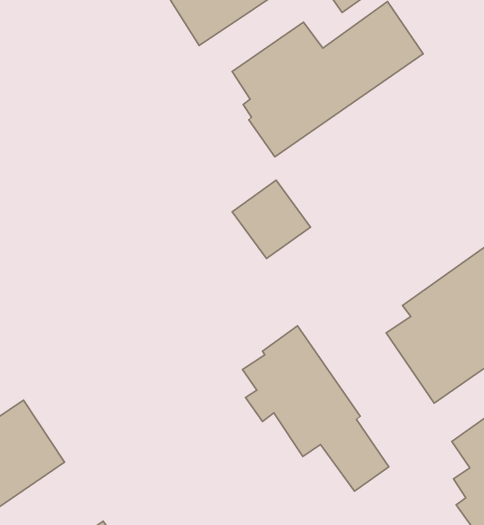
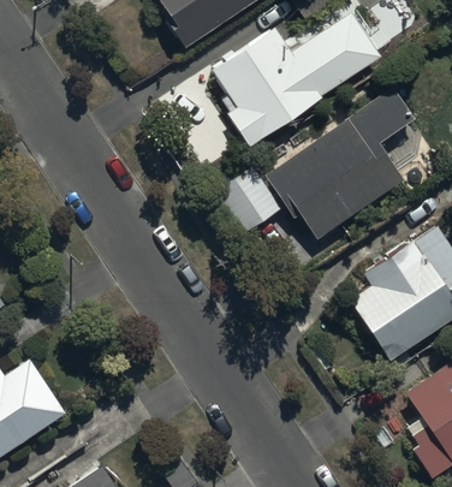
building: none -> [263,87,414,237]
building: [243,326,389,491] -> none

